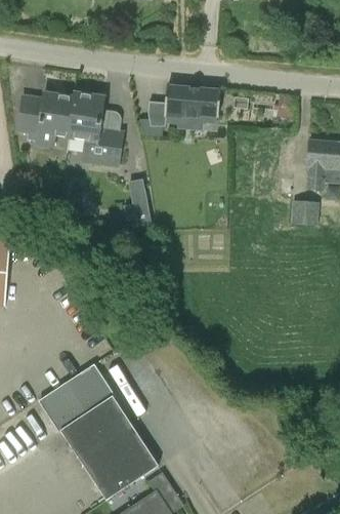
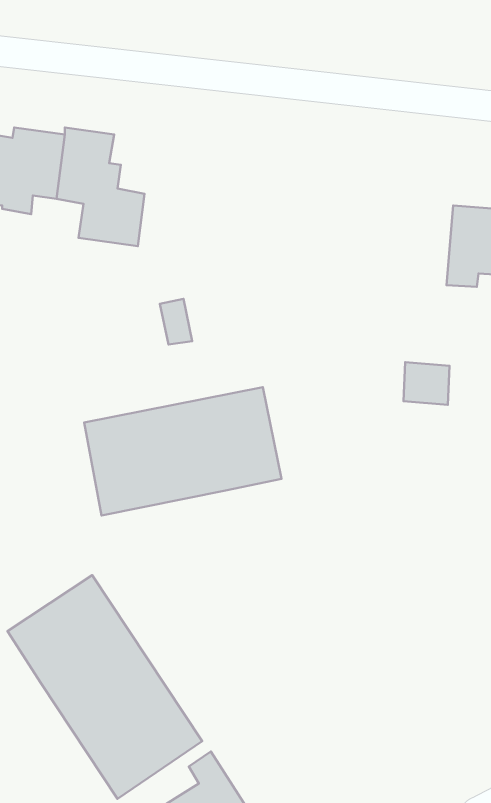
building: [148,86,220,126] -> none
building: [291,199,318,225] -> [404,362,449,405]
building: none -> [84,387,281,515]

